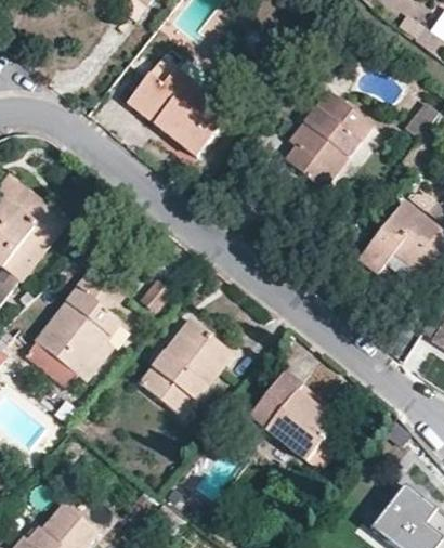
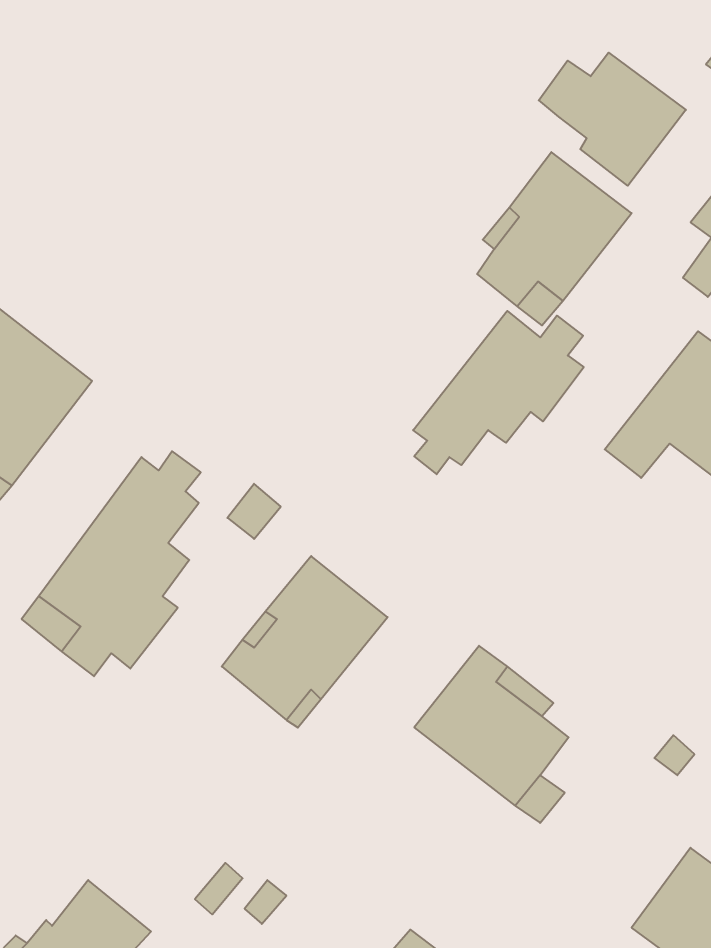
building: none -> [539,53,686,186]
building: [126,58,227,156] -> none
building: none -> [413,311,584,474]

